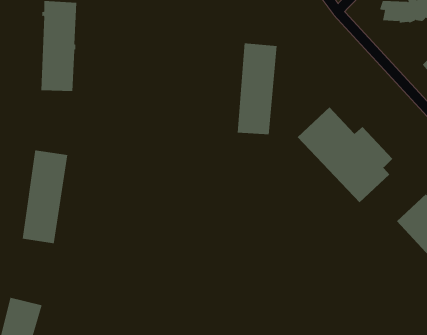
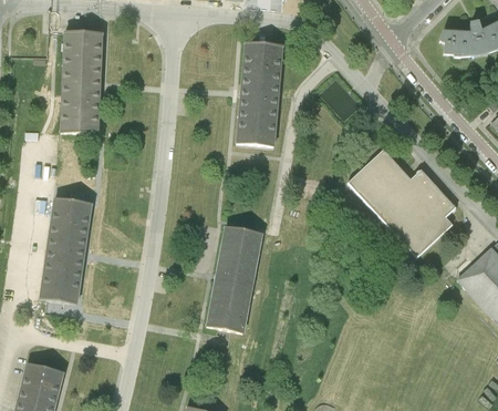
building: [237,43,278,135] -> [237,42,282,145]
building: none -> [207,226,262,332]

